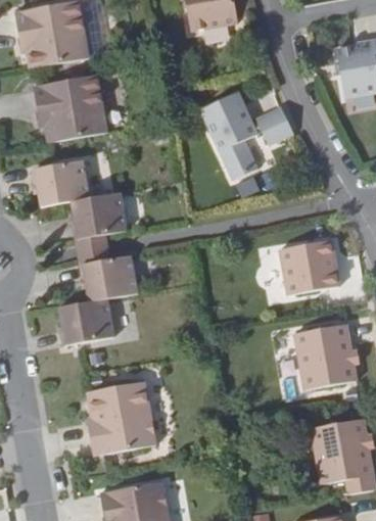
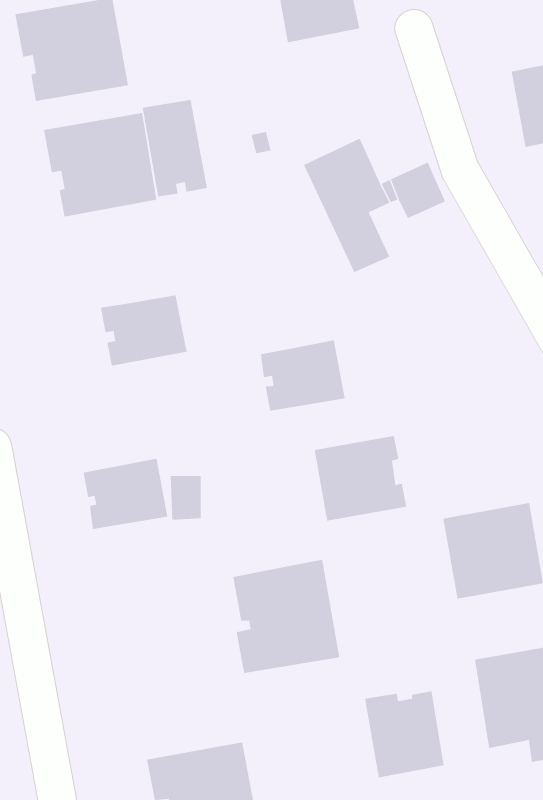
building: none -> [142,99,208,197]
building: [34,159,89,205] -> none
building: [279,238,339,293] -> [314,435,407,521]
building: [82,254,137,300] -> [260,340,346,411]
building: [86,380,155,454] -> [233,559,340,673]
building: none -> [364,691,444,778]

